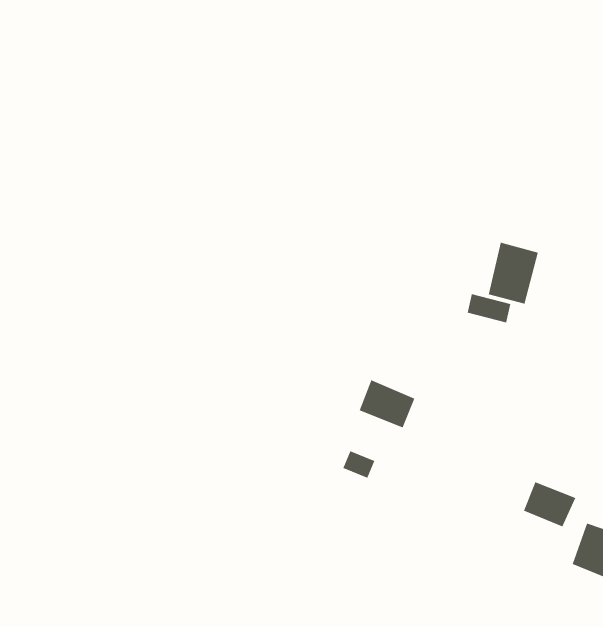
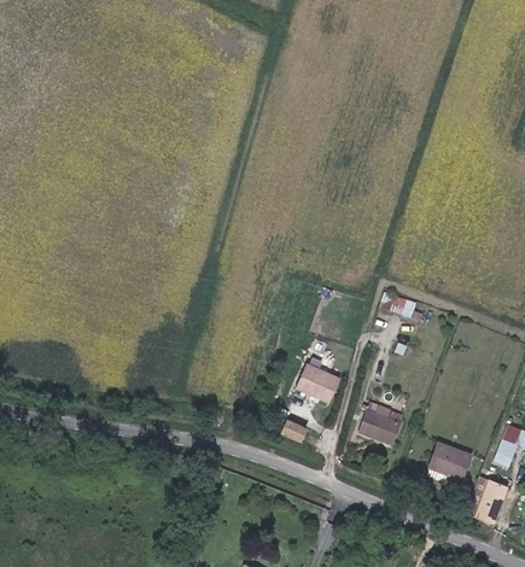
building: [488,242,538,304] -> none
building: none -> [358,408,402,442]

